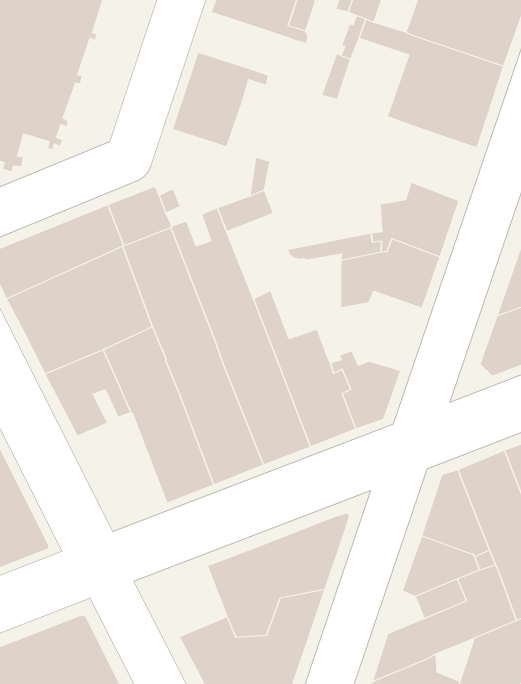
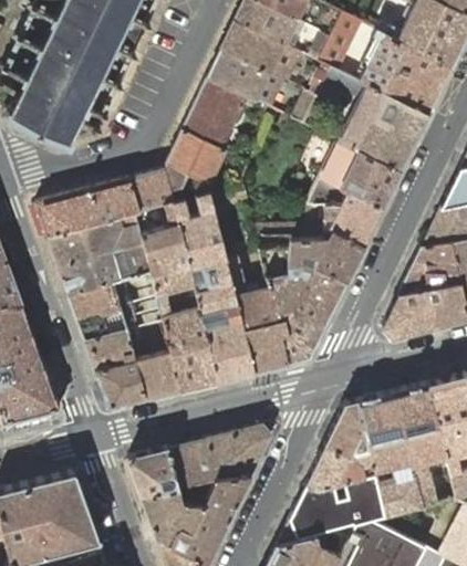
building: none -> [208,49,284,106]
building: none -> [307,139,401,207]
building: none -> [166,129,226,185]
building: none -> [260,245,346,324]
building: none -> [86,329,145,406]
building: none -> [128,447,178,495]

